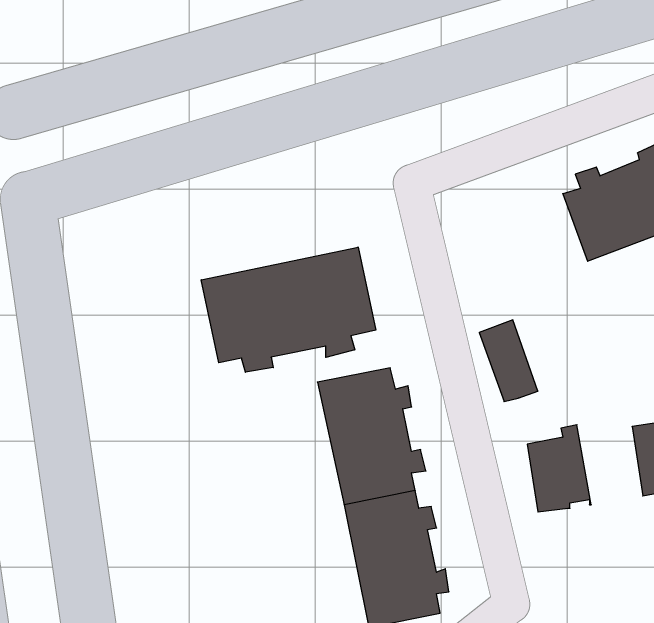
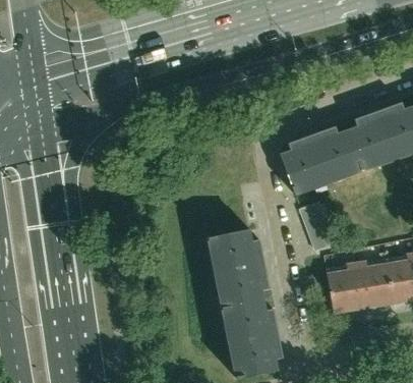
building: none -> [280,125,361,193]
building: [201,247,376,372] -> none
building: none -> [355,261,393,308]

